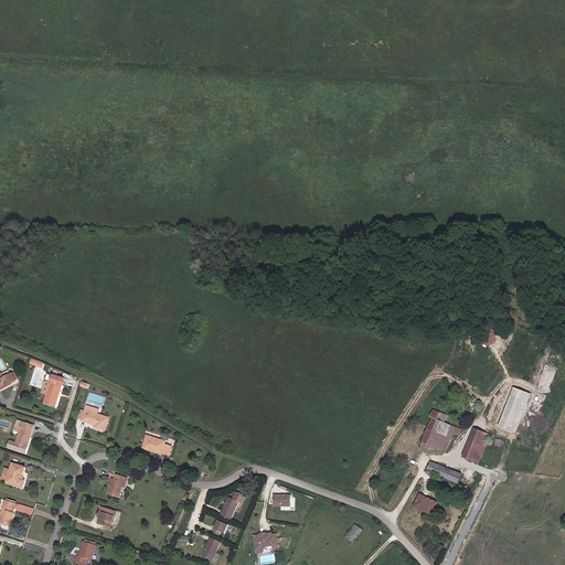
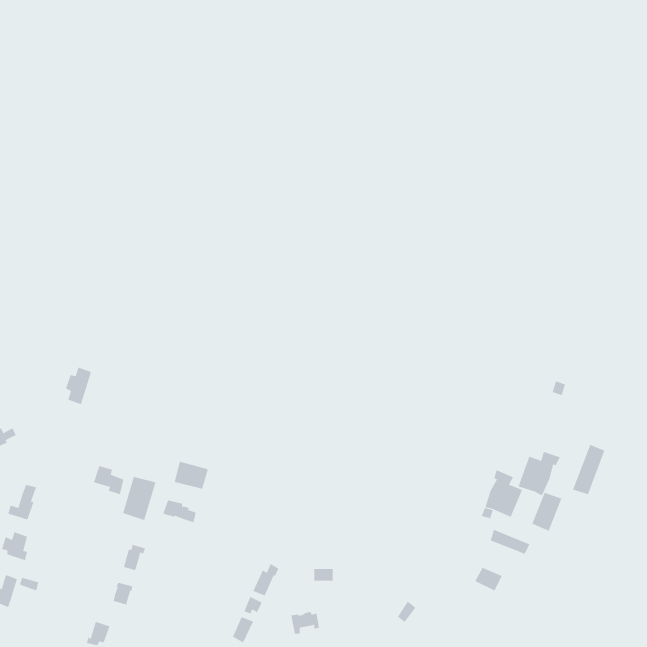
building: [41,373,64,406] -> [65,367,92,405]
building: none -> [518,451,560,496]
building: none -> [174,461,209,490]
building: none -> [123,476,156,521]

